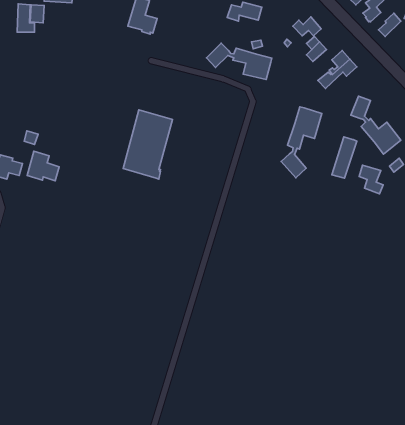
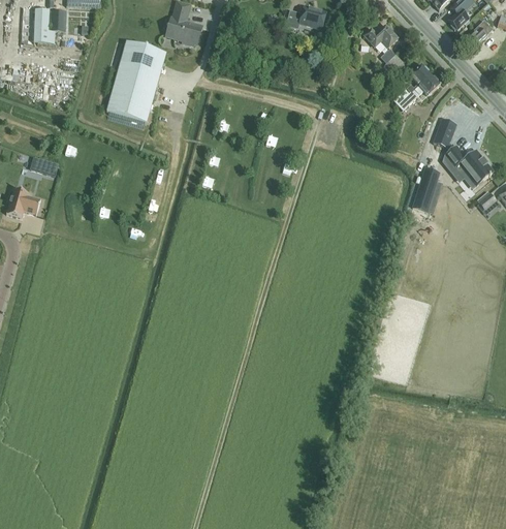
building: [206,43,272,80] -> none
building: [281,107,322,178] -> none
building: [123,110,173,179] -> [106,40,165,123]
building: [27,151,59,181] -> none
building: [359,165,383,194] -> none

